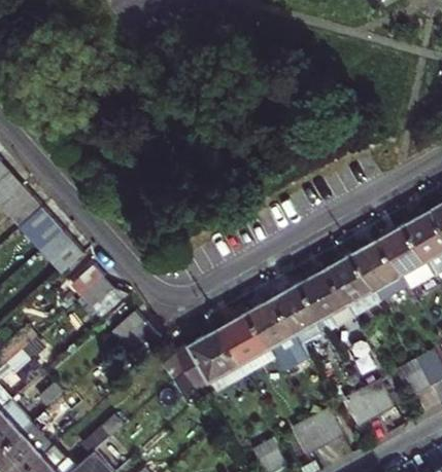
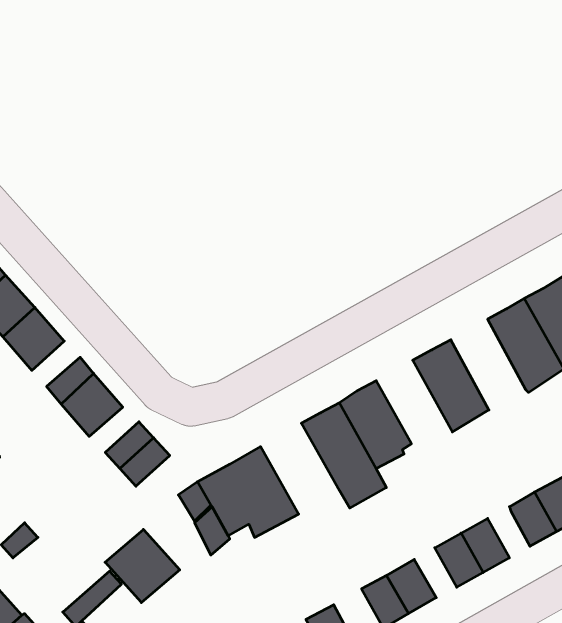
building: [354,238,407,301] -> none
building: [302,266,355,329] -> none
building: [220,311,276,374] -> none
building: none -> [105,529,180,603]

